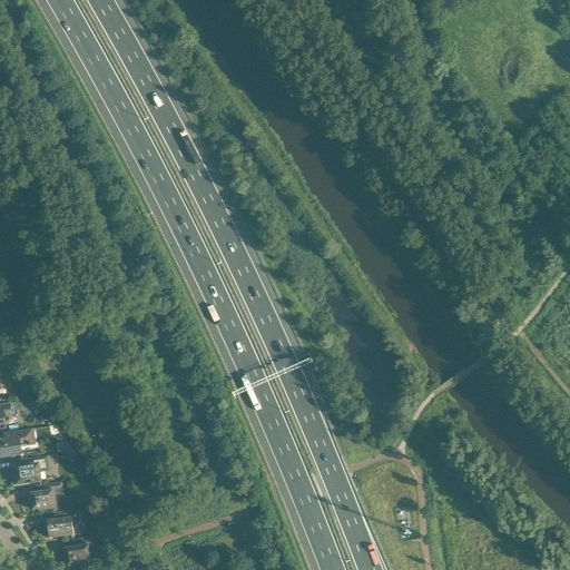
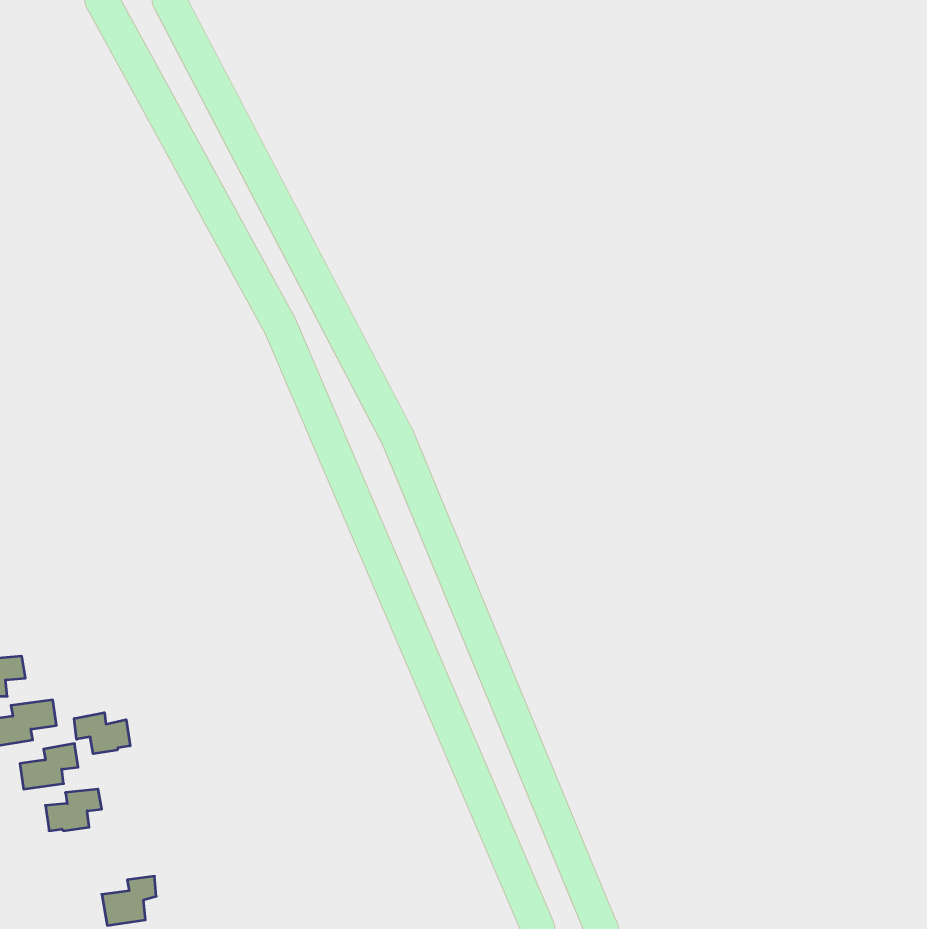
building: none -> [74,713,130,754]
building: [46,510,80,537] -> none

